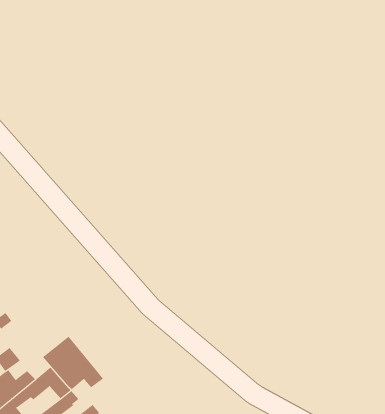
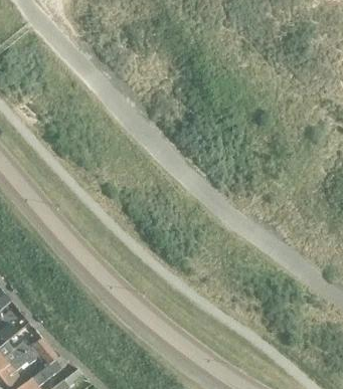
building: [42,336,104,390] -> none

